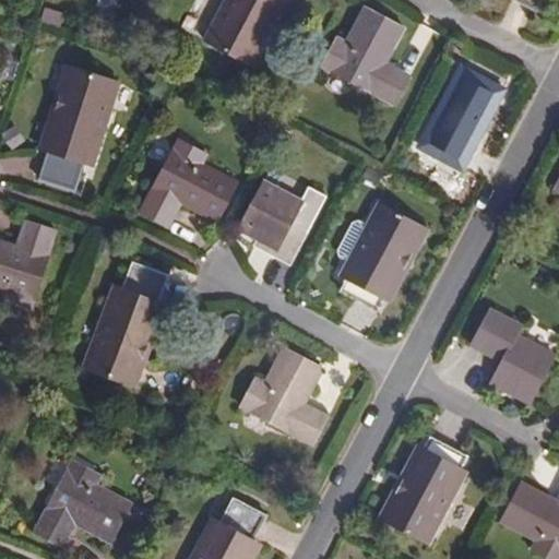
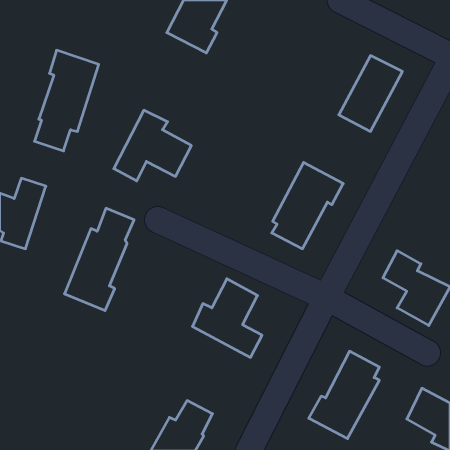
building: [320,7,408,104] -> none
building: [237,182,321,263] -> none
building: [33,462,130,548] -> none

